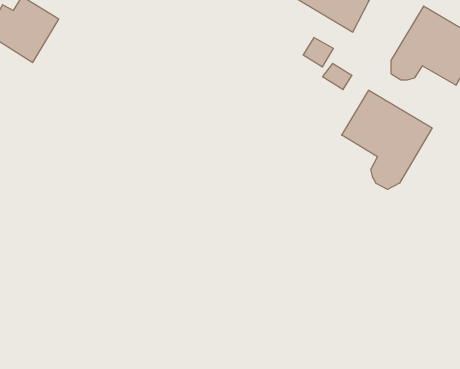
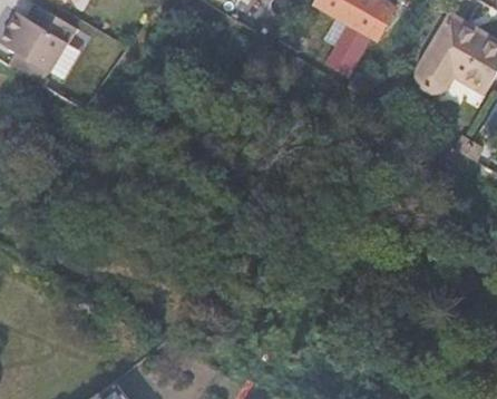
building: [342,90,432,189] -> none

